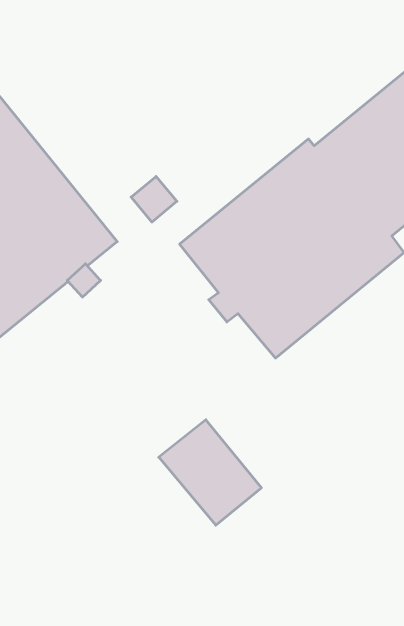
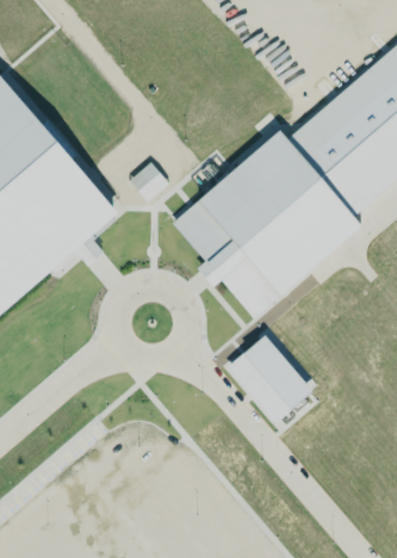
building: [159,420,261,525] -> [224,334,312,424]

